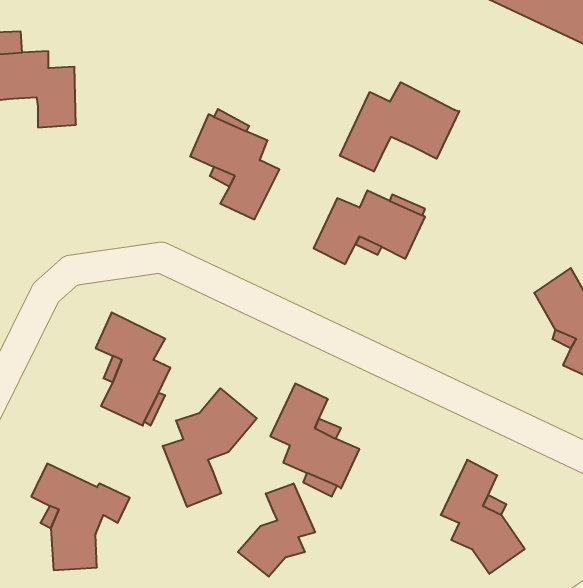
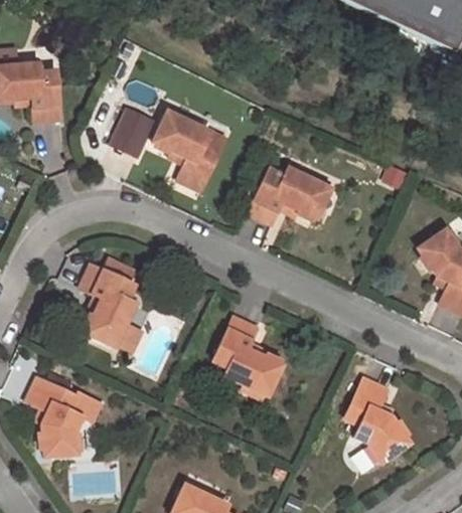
building: [340,82,459,172] -> none
building: none -> [109,117,153,164]
building: [163,388,257,507] -> none
building: [238,483,315,577] -> none

